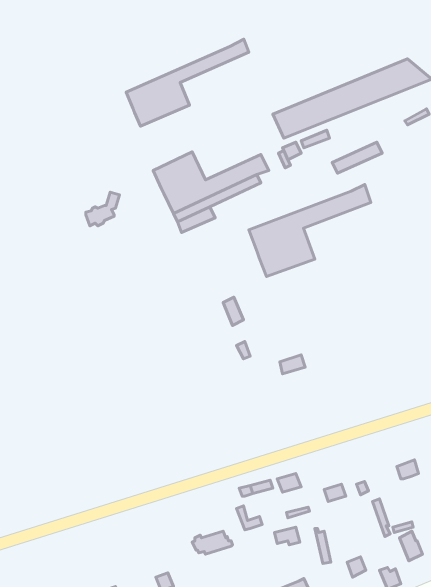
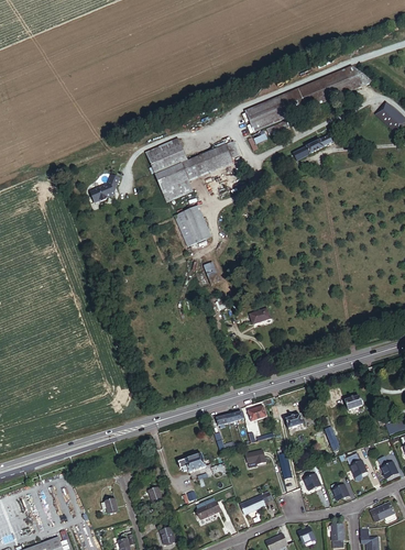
building: [126,39,249,126] -> none
building: [249,184,371,277] -> none
building: none -> [174,205,211,246]

